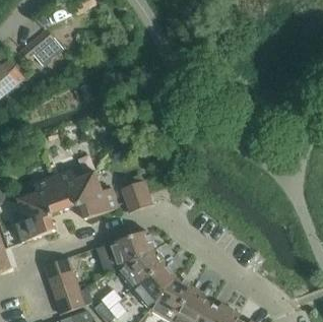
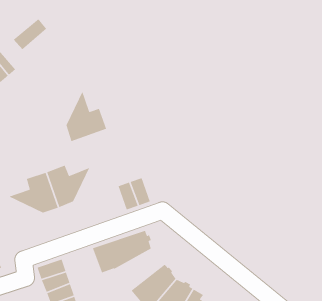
building: [78,171,118,220] -> [65,90,107,142]
building: [13,199,55,243] -> none
building: [116,249,165,288] -> none

